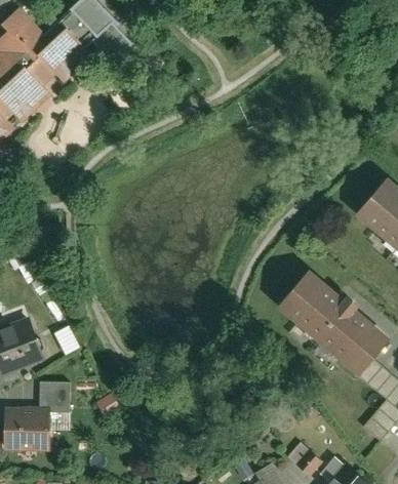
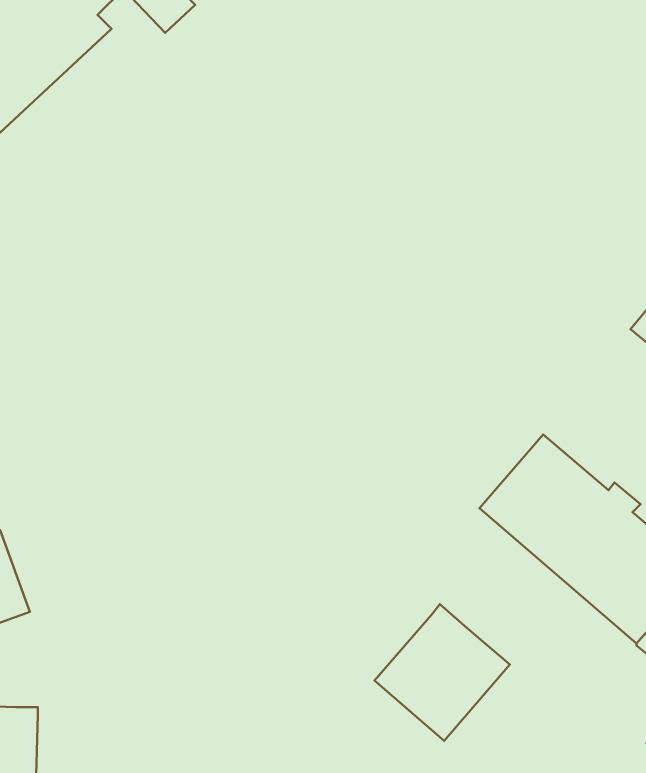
building: none -> [374,604,510,741]
building: [38,382,69,412] -> none

